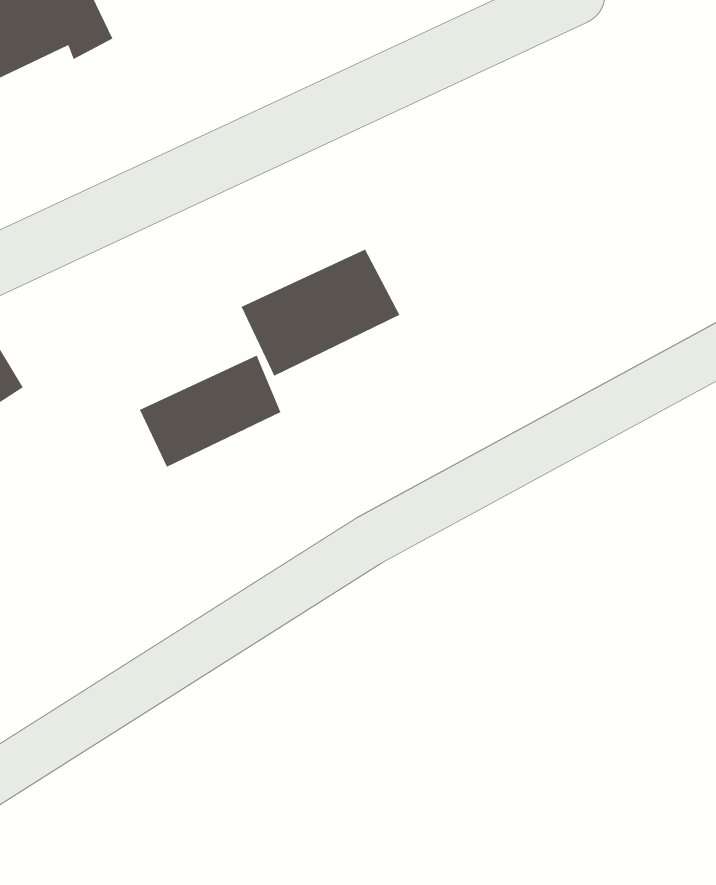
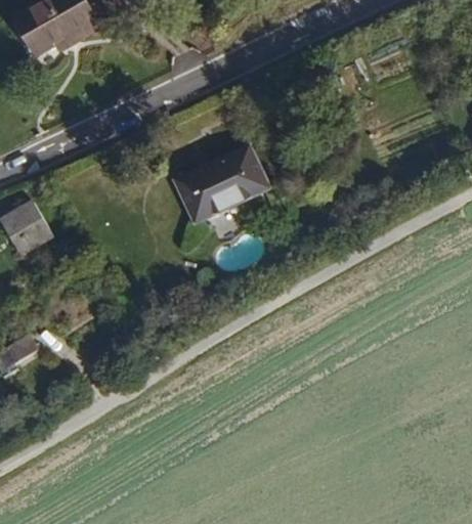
building: [139,354,281,468] -> none

